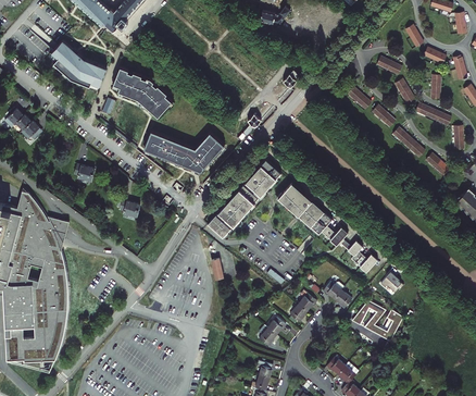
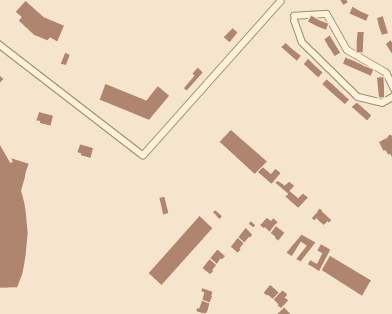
building: [112,67,171,119] -> none
building: [208,160,280,238] -> [148,215,213,286]
building: none -> [321,255,372,297]

